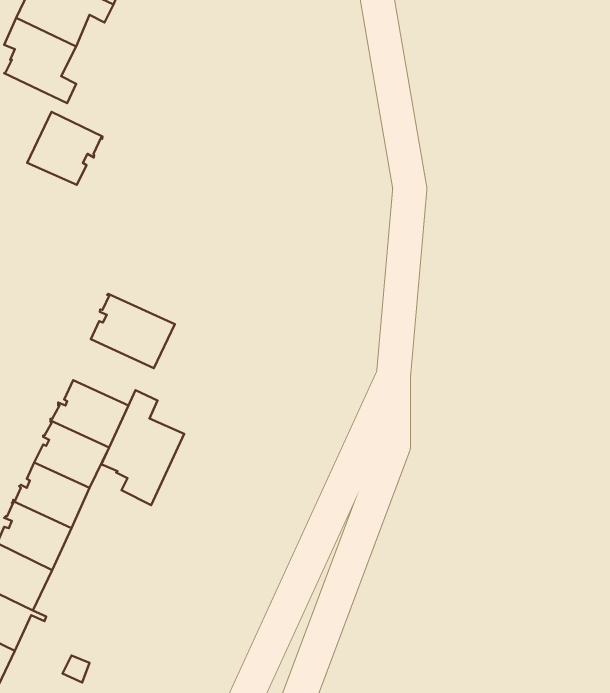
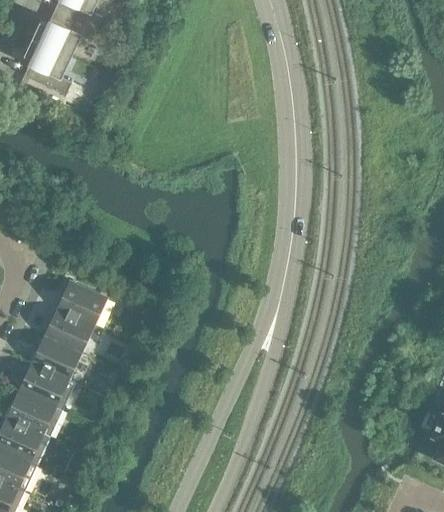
building: [27,112,103,185] -> none
building: [91,294,175,368] -> none
building: [101,390,184,505] -> none

